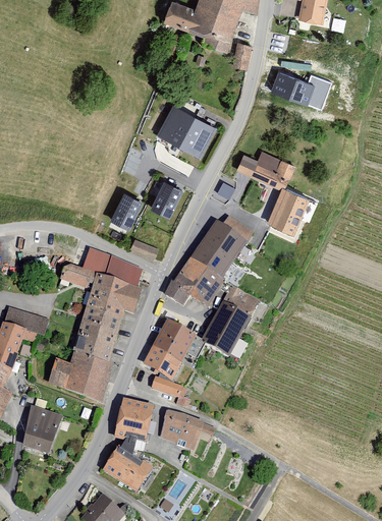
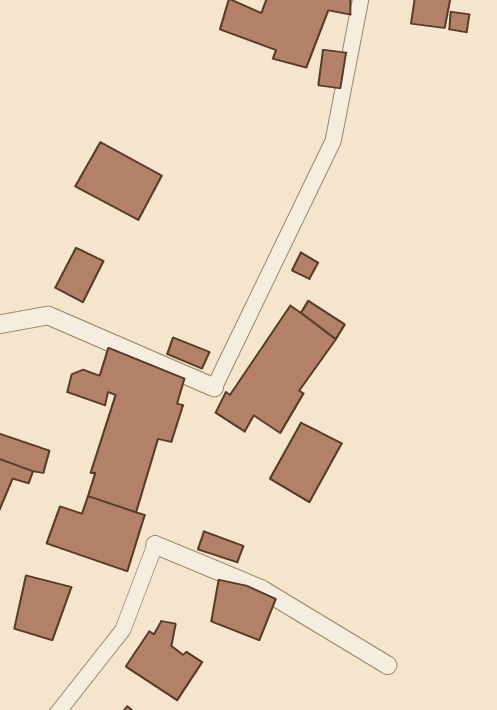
building: [273,74,332,111] -> none
building: [156,105,216,159] -> [75,142,162,220]
building: [236,151,311,235] -> none
building: [149,182,182,220] -> none
building: [109,193,143,231] -> [55,248,104,302]
building: [222,285,259,313] -> none
building: [142,316,197,379] -> none
building: [114,397,154,441] -> none

